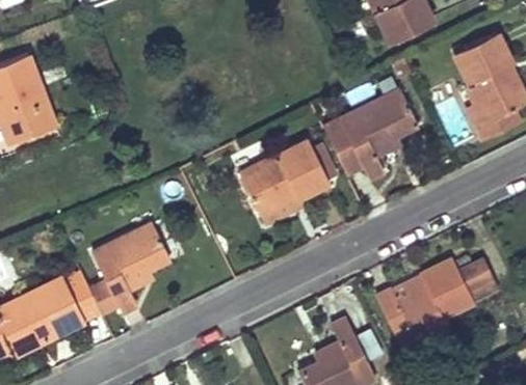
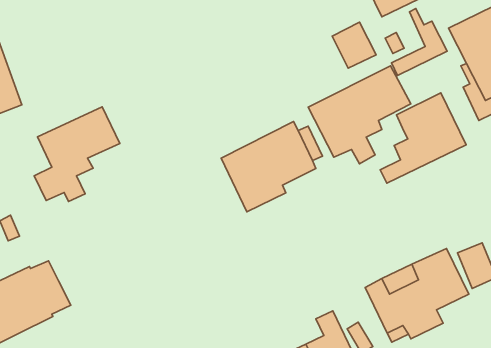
building: none -> [392,8,447,75]
building: none -> [332,22,376,68]
building: none -> [380,93,466,183]
building: [89,225,169,313] -> [34,107,120,202]

